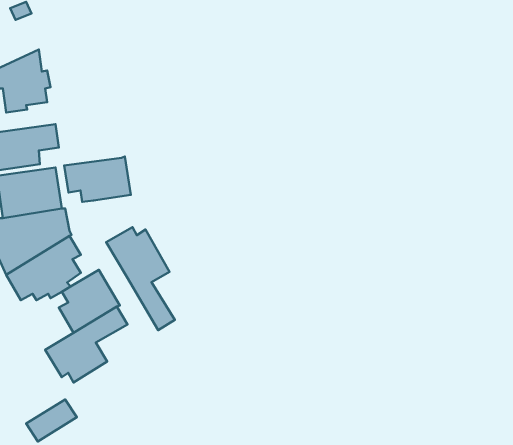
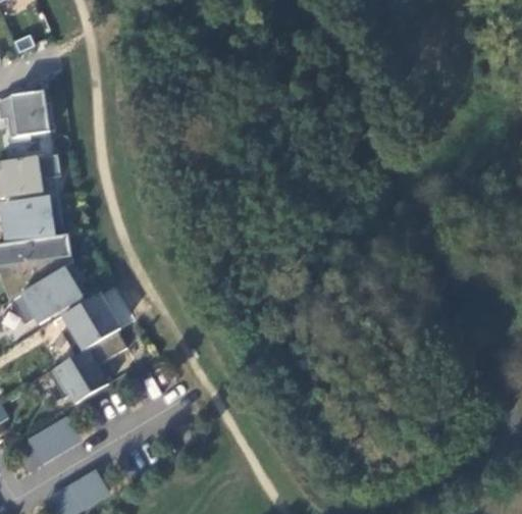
building: [64,157,131,202] -> none
building: [106,227,175,330] -> none

